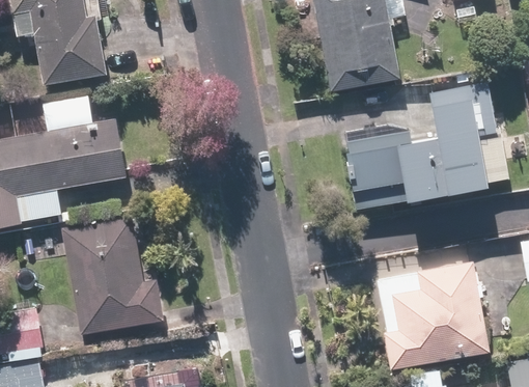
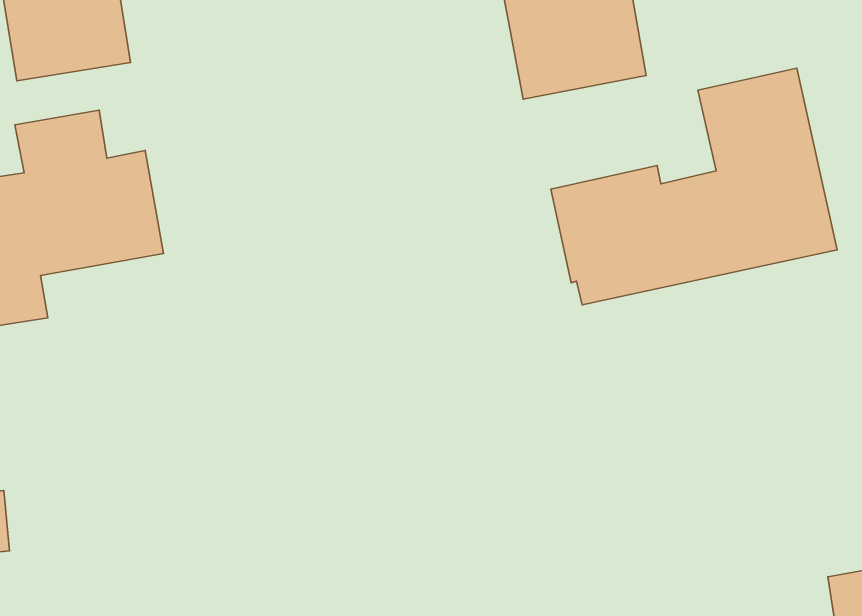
building: [60,215,165,335] -> none
building: [379,275,490,368] -> none

